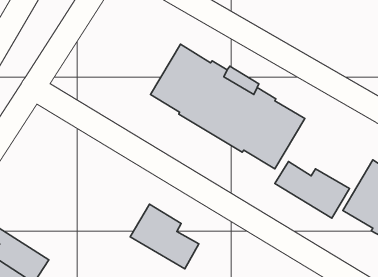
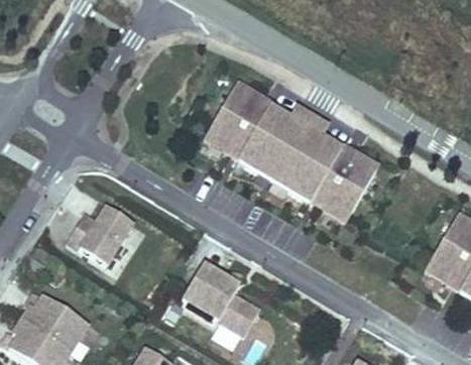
building: none -> [65,206,133,265]
building: [275,162,349,218] -> none

